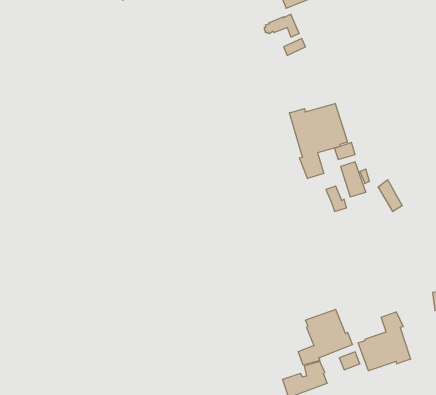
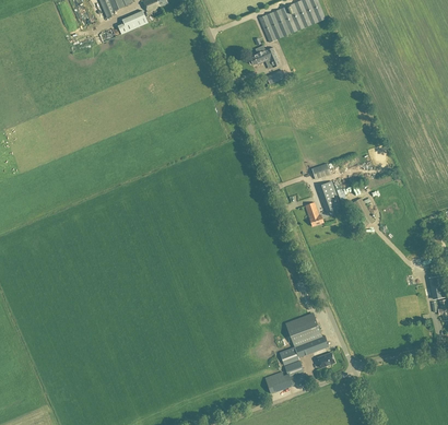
building: [289,103,348,179] -> none
building: [358,312,411,371] -> none

